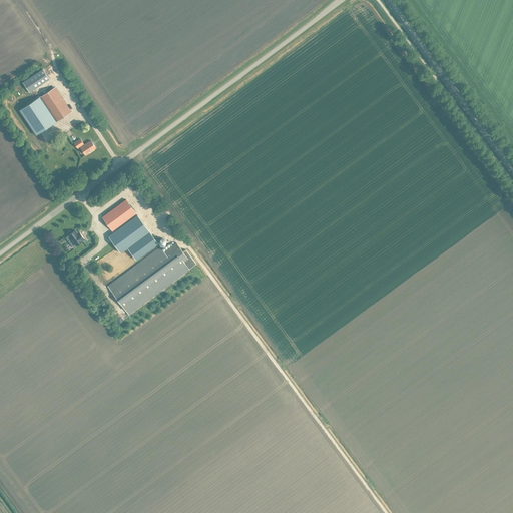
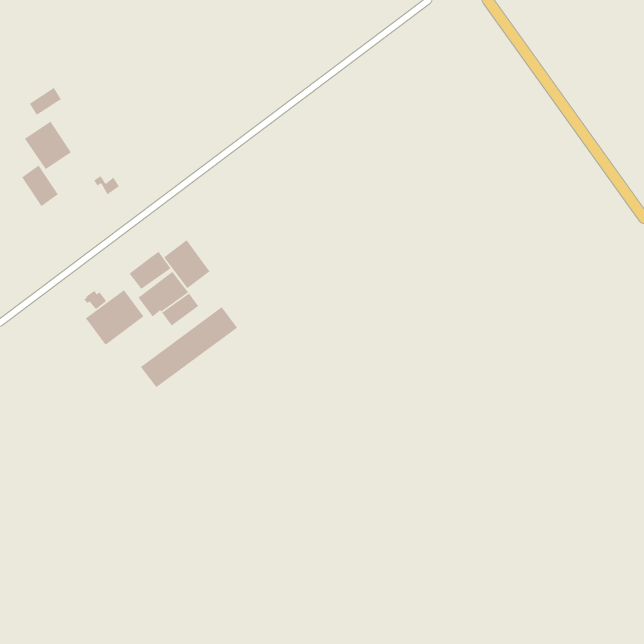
building: [41,87,71,121] -> [21,164,59,207]
building: none -> [163,239,211,289]
building: none -> [85,289,145,346]

